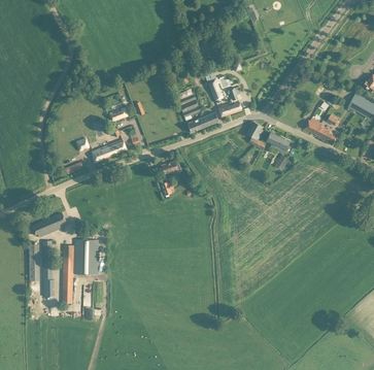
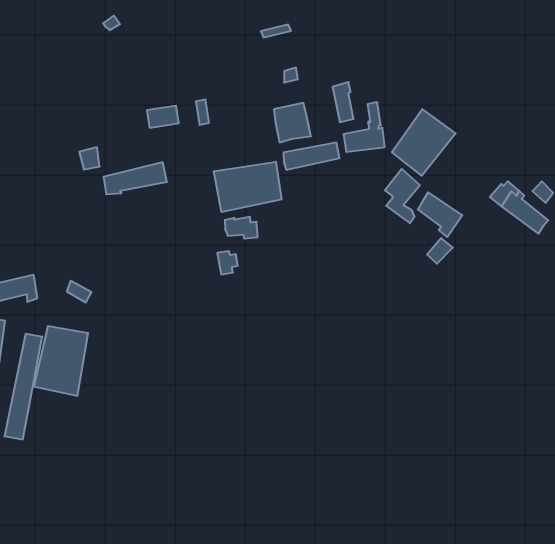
building: none -> [392,109,456,176]
building: none -> [214,162,281,212]

